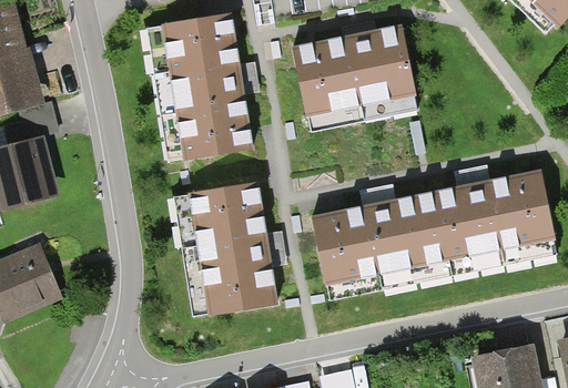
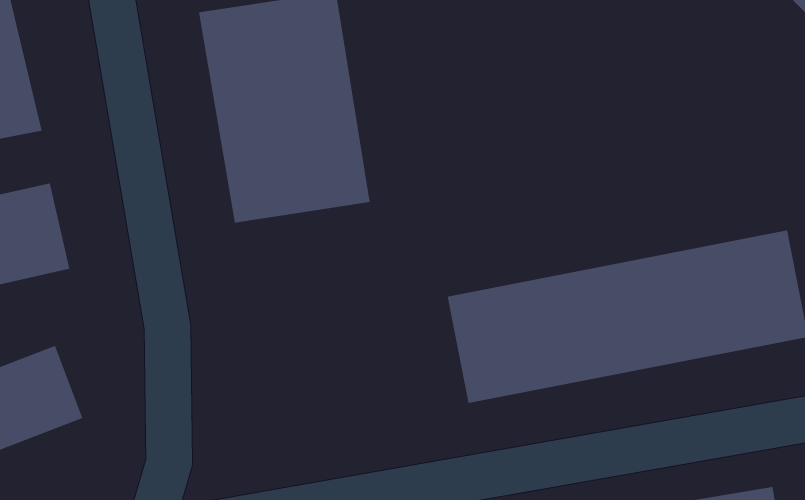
building: [286,19,422,133] -> none
building: [172,181,281,318] -> none

